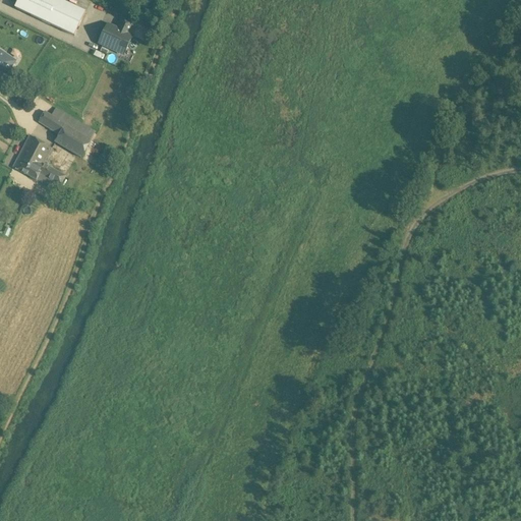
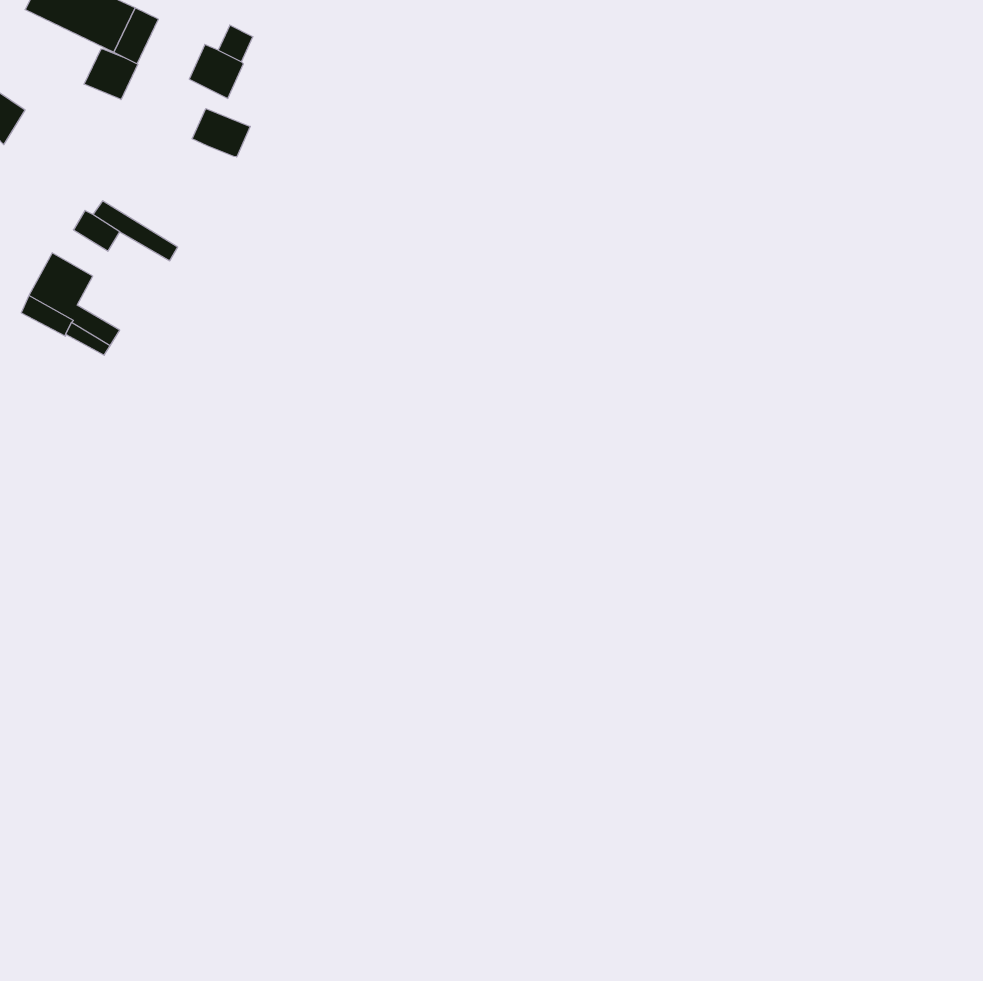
building: none -> [84,49,138,100]
building: none -> [192,109,250,157]
building: [53,122,90,155] -> none

